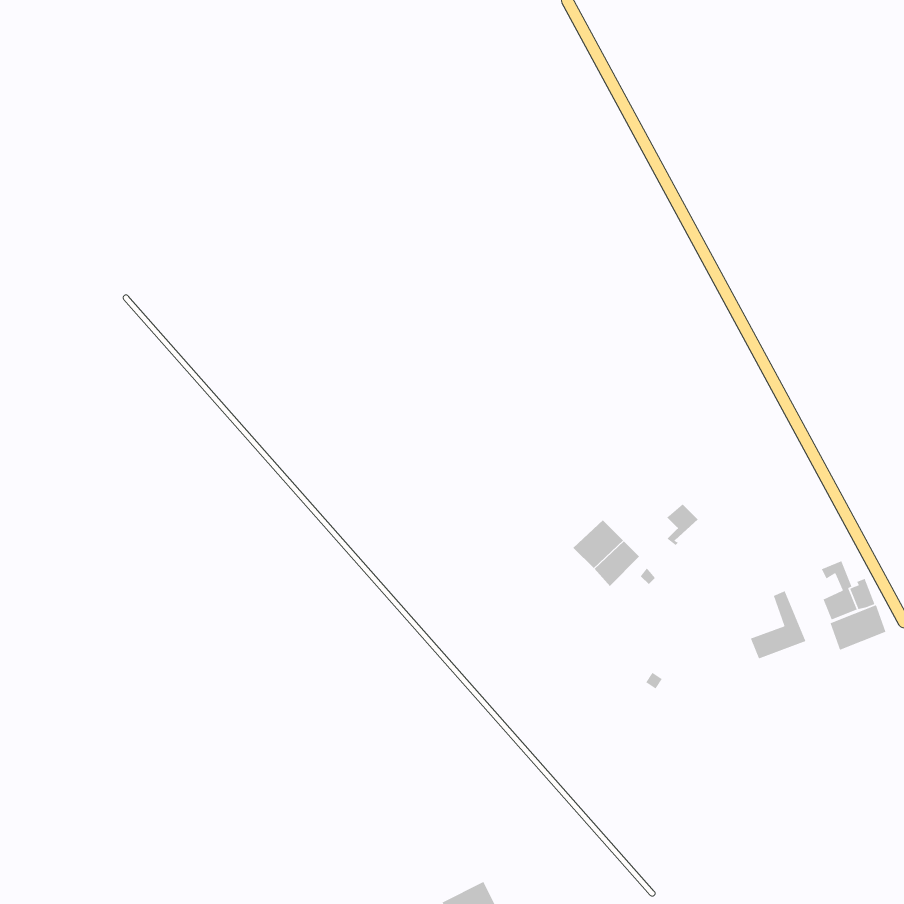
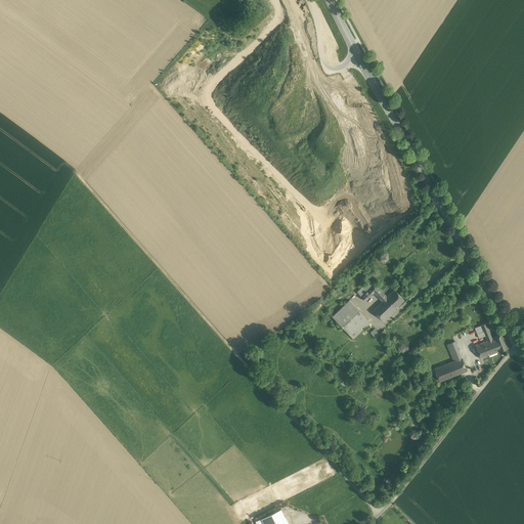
building: none -> [360,285,391,322]
building: [830,604,886,651] -> none

